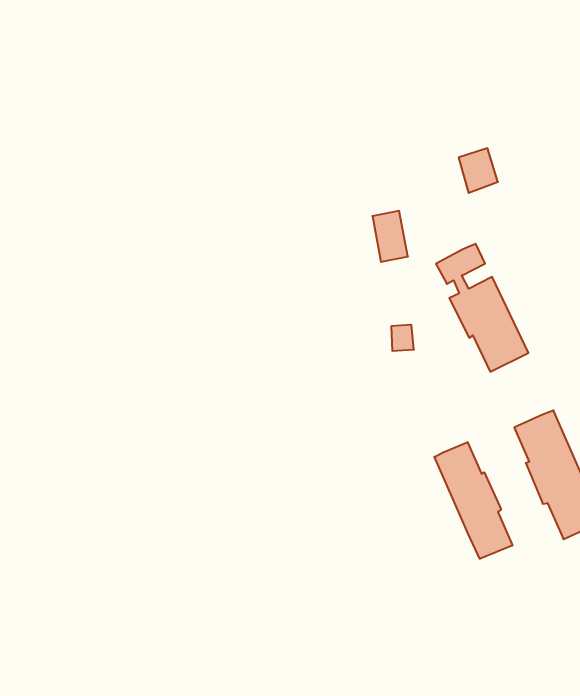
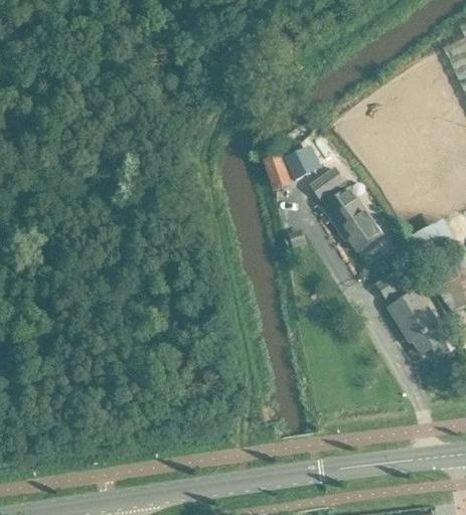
building: [459,148,498,193] -> [286,150,314,181]
building: [434,442,512,559] -> none

